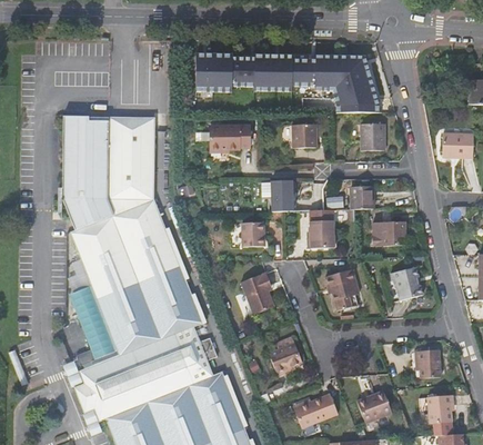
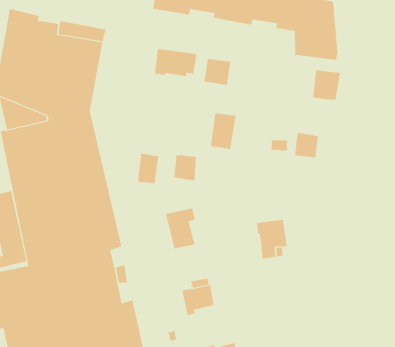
building: [291,125,314,148] -> [203,59,231,85]
building: [308,211,334,248] -> none
building: [372,222,404,246] -> none
building: none -> [138,153,159,184]
building: [386,267,423,301] -> none
building: [414,349,440,377] -> none

